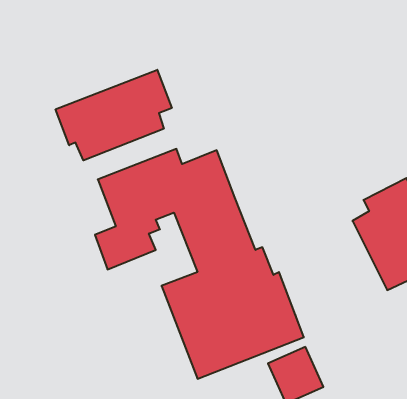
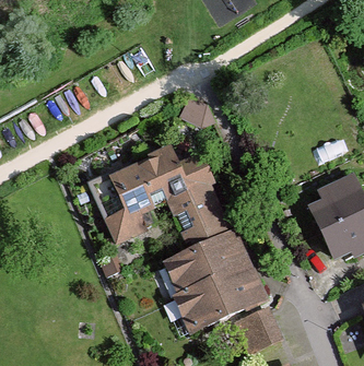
building: [56,70,172,160] -> none

